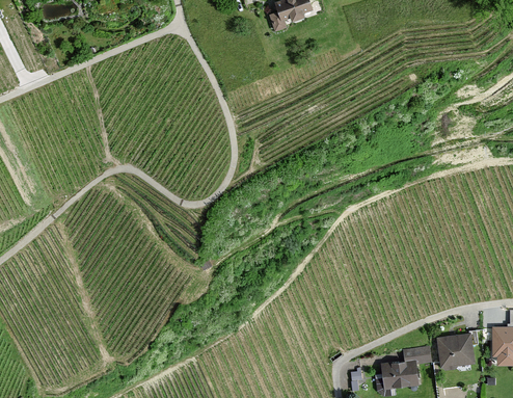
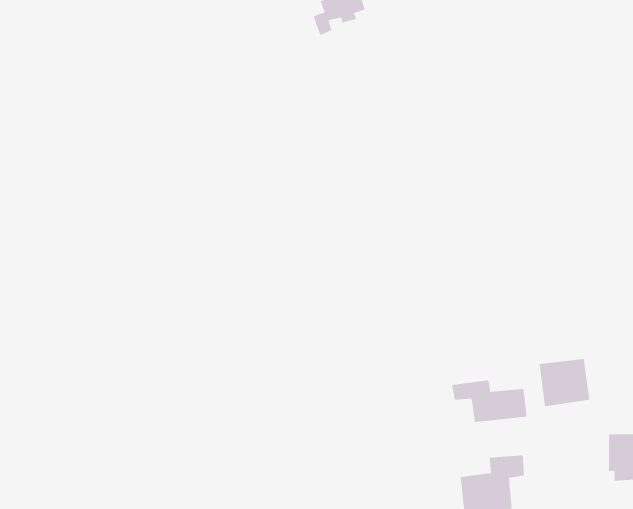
building: none -> [452,379,527,423]
building: [438,331,477,368] -> [539,358,590,407]

